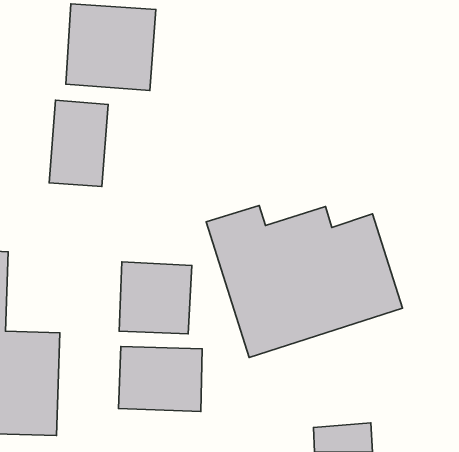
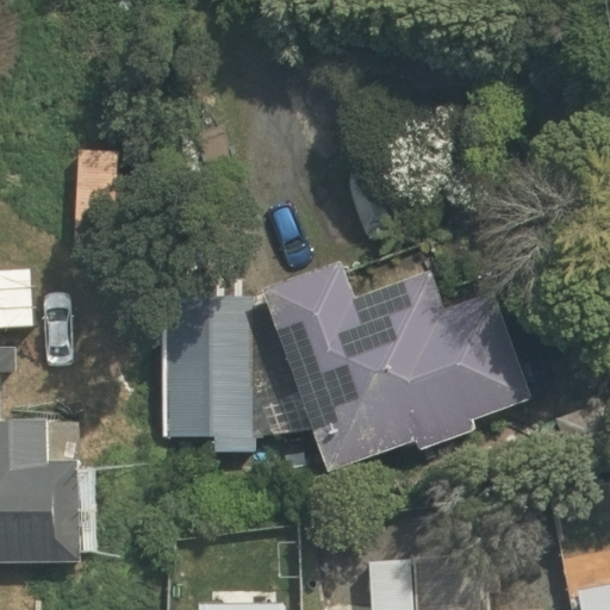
building: [66,4,156,90] -> none
building: [118,346,202,412] -> none

